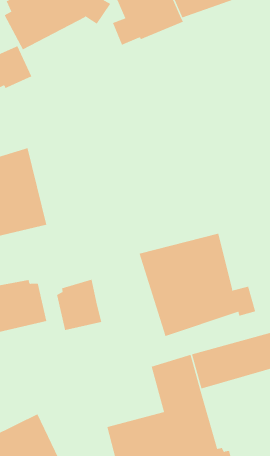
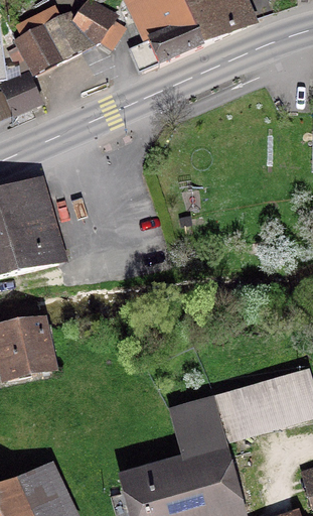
building: [139,233,256,337] -> none
building: [57,279,102,331] -> none

